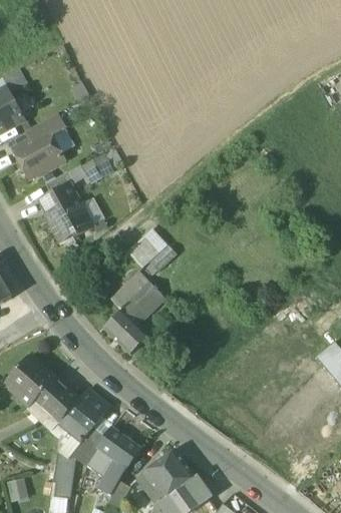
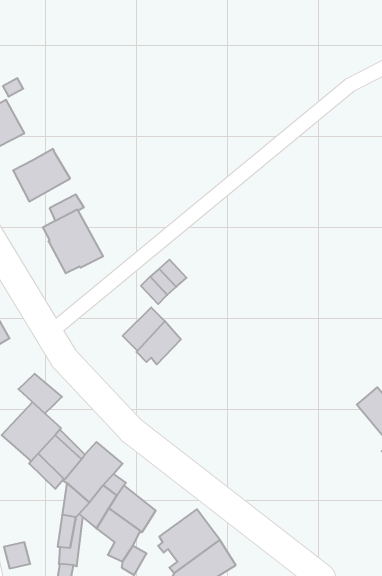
building: [25,113,65,141] -> none
building: [104,310,148,353] -> none
building: none -> [18,374,62,414]

